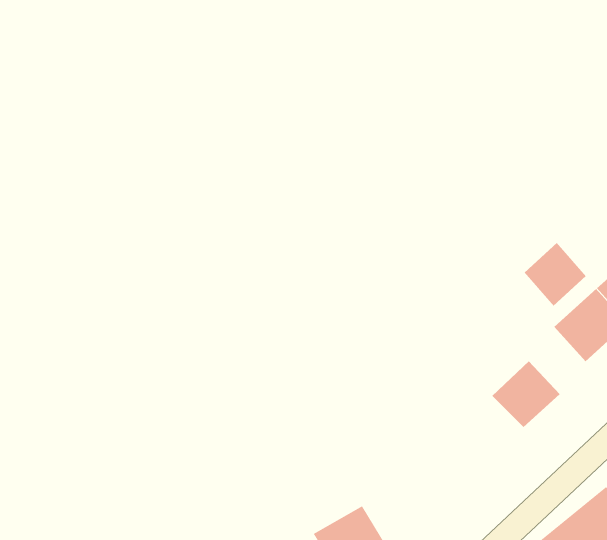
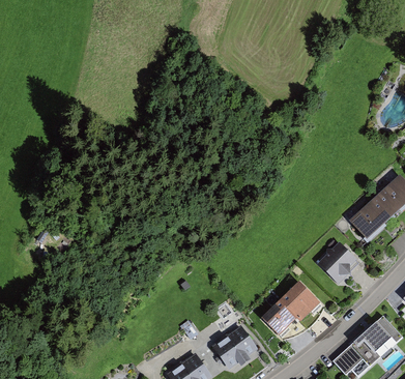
building: [524,242,586,306] -> none
building: none -> [258,282,315,333]

